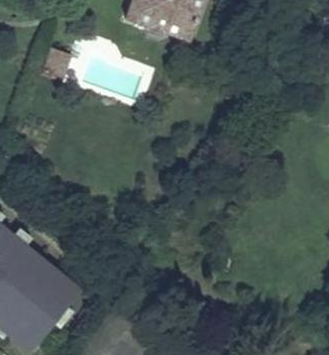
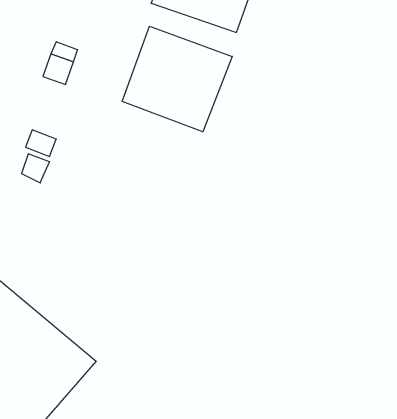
building: none -> [122,26,232,132]

